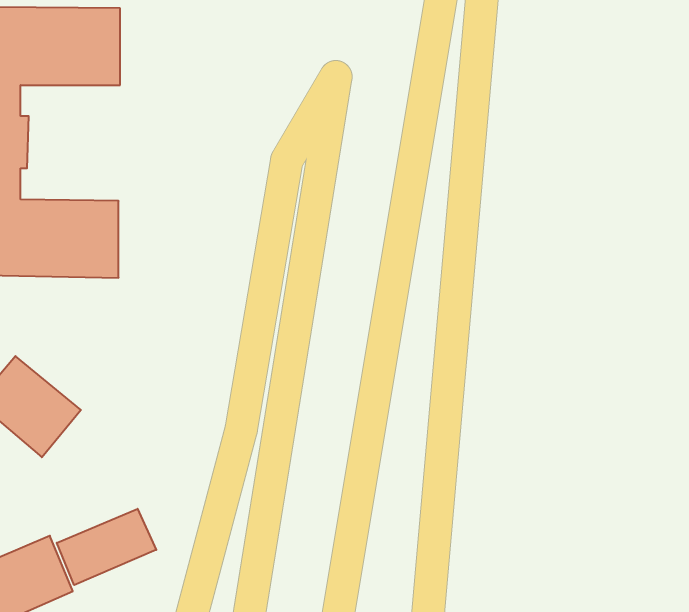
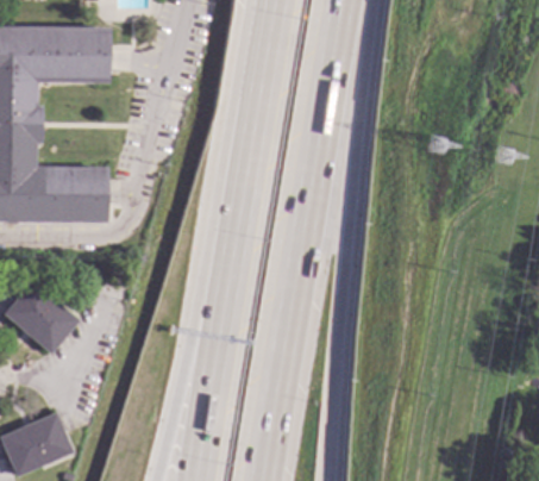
building: [57,509,156,585] -> none

